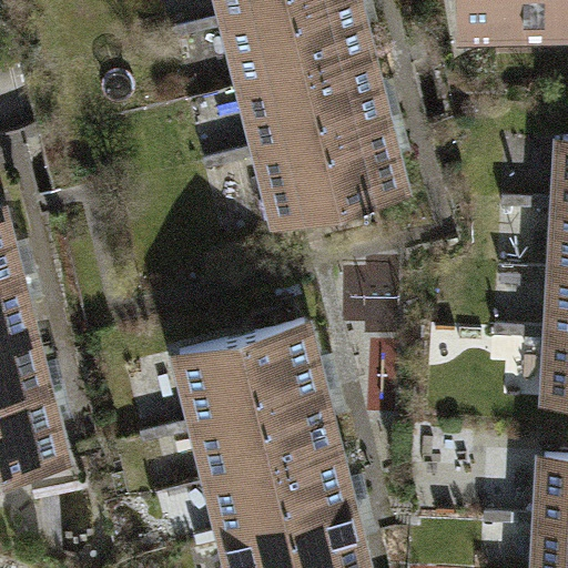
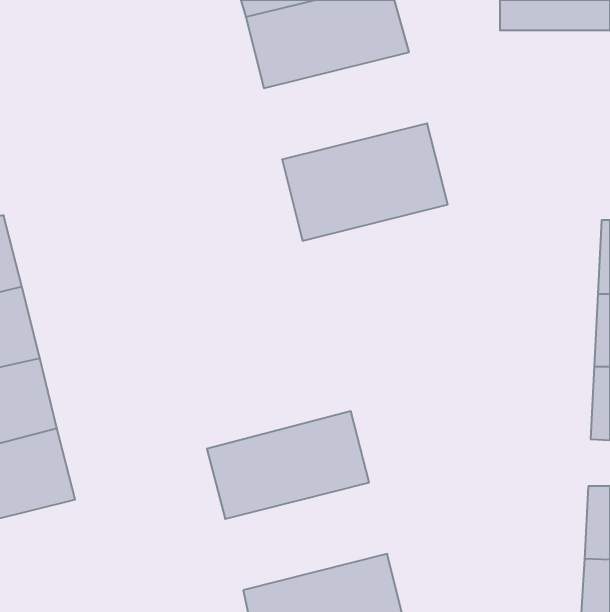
building: [242,53,392,152] -> none
building: [173,318,322,417] -> none
building: [206,448,355,547] -> none

